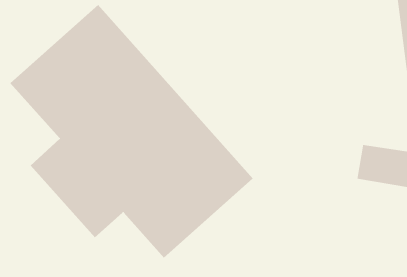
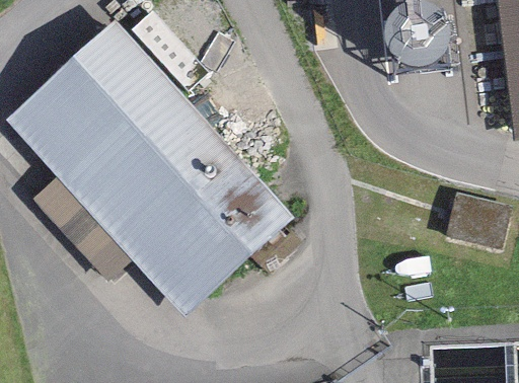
building: none -> [387,9,452,74]

